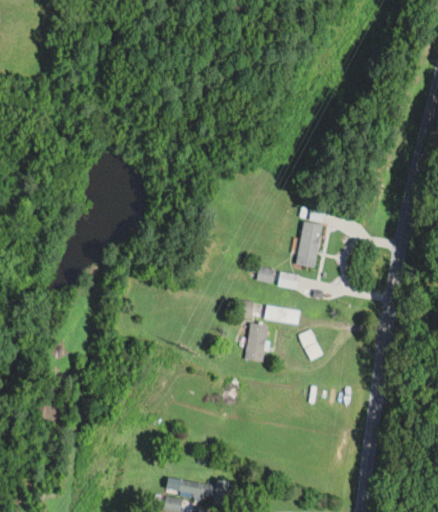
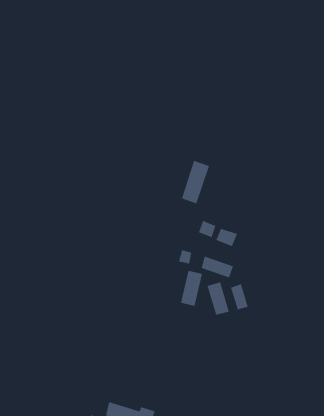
building: [296,221,323,269] -> [181,160,210,204]
building: none -> [207,281,229,315]

